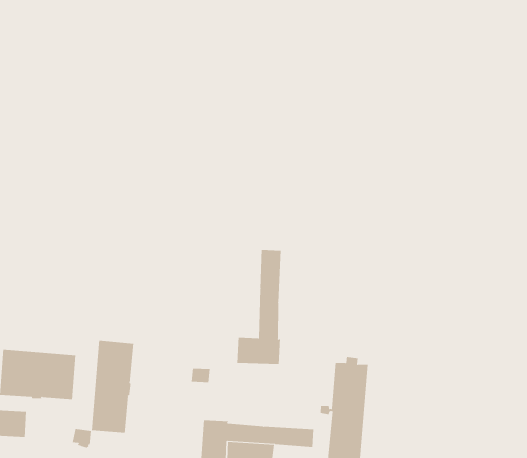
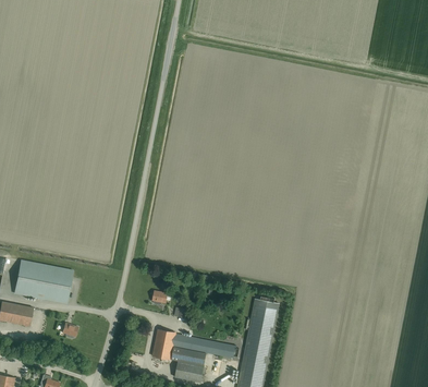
building: [237,249,281,365] -> none
building: [91,340,134,434] -> none

